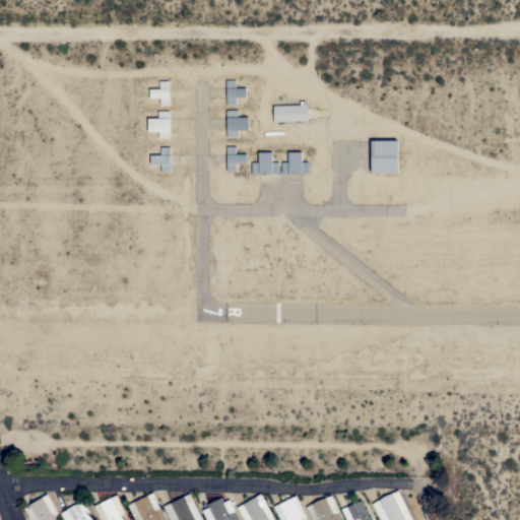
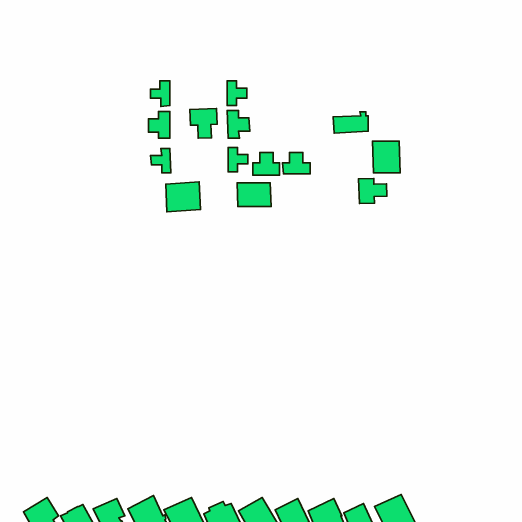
building: [273,102,308,123] -> [333,112,368,133]
building: none -> [190,108,217,138]
building: none -> [359,178,387,204]
building: none -> [166,182,200,212]
building: none -> [237,183,271,206]

